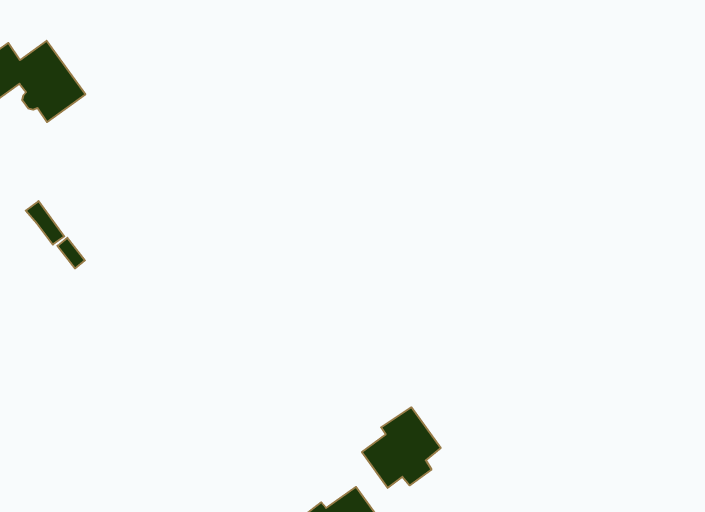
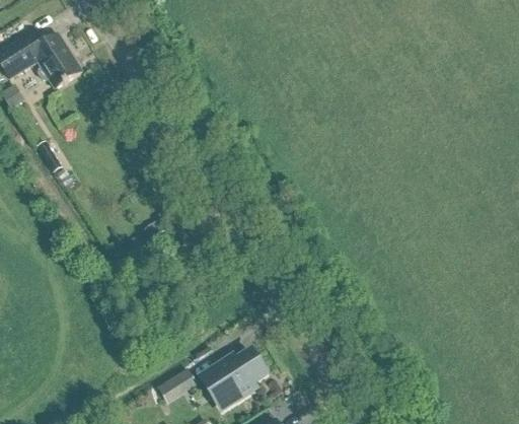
building: [362,407,441,488] -> none

